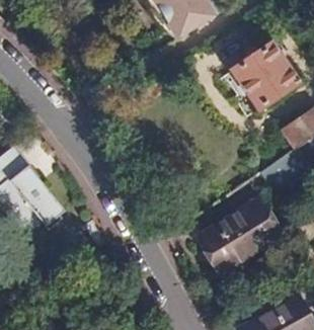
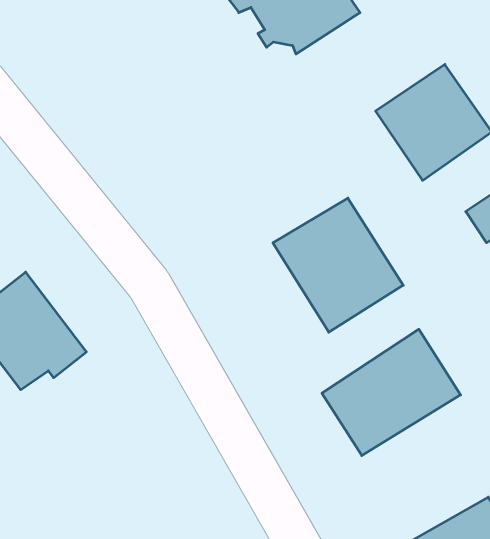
building: none -> [273,198,403,332]

